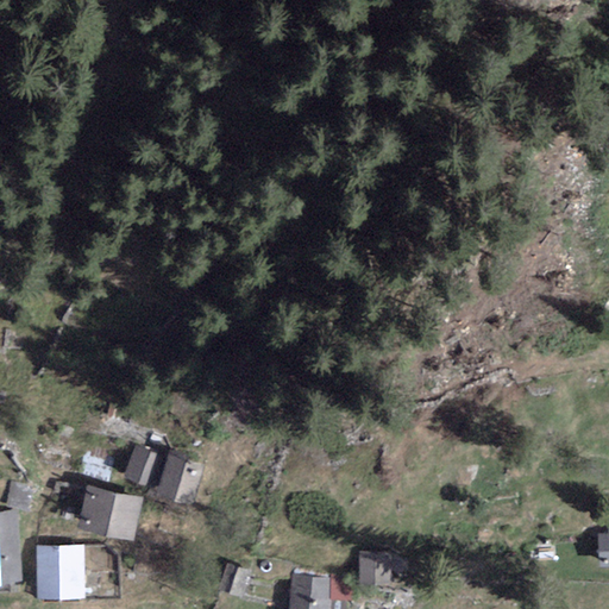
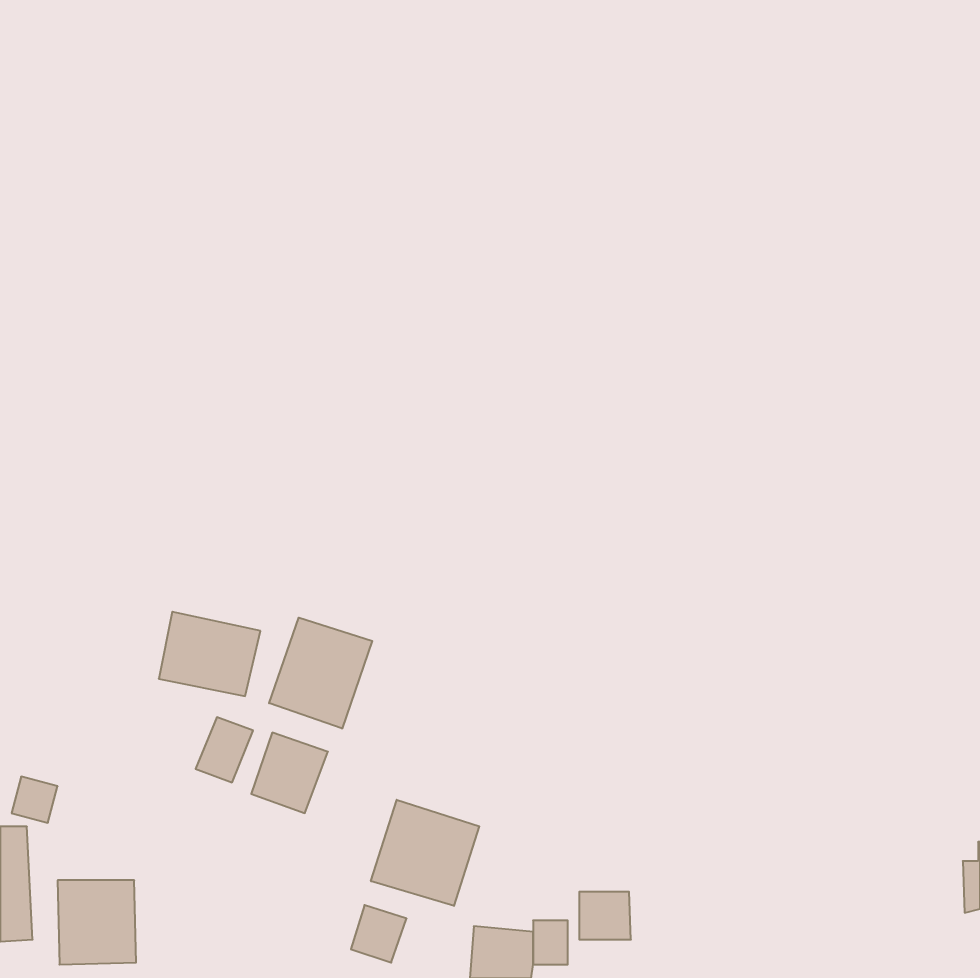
building: none -> [269,618,372,729]
building: [79,486,142,539] -> [159,612,260,696]
building: none -> [371,800,479,906]

